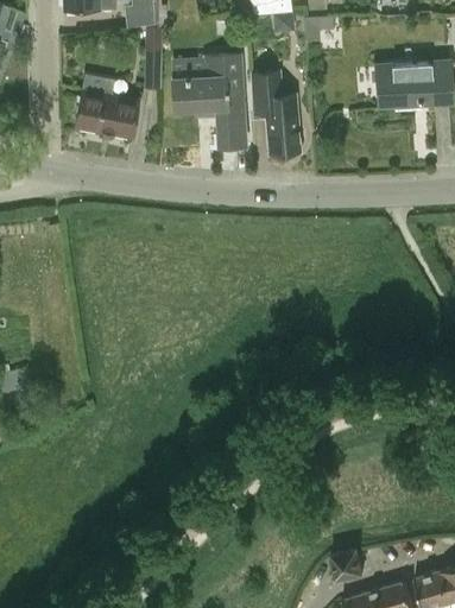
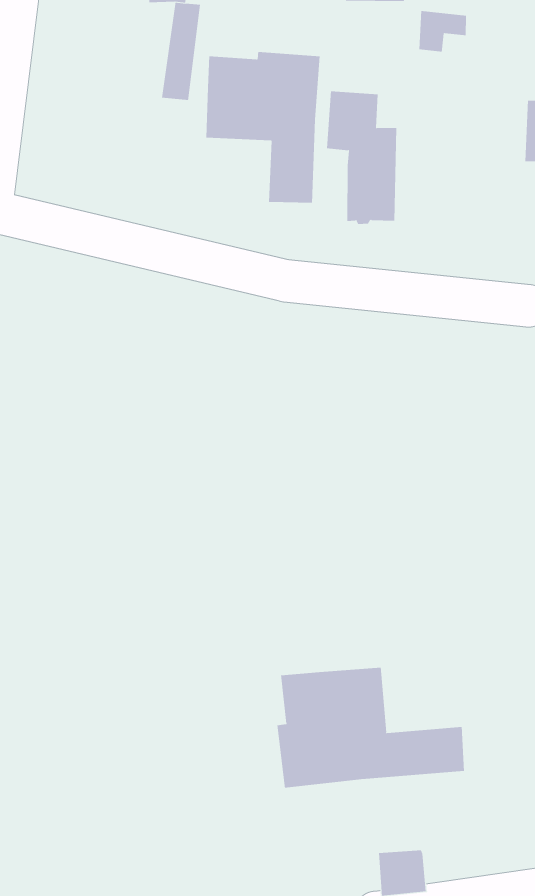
building: [76,75,139,139] -> none
building: none -> [277,667,465,788]

